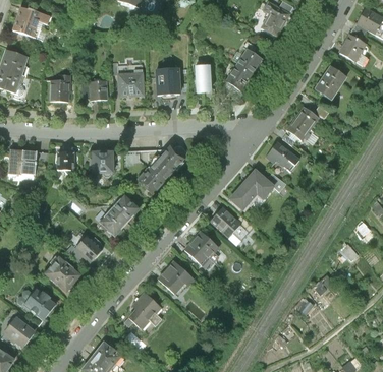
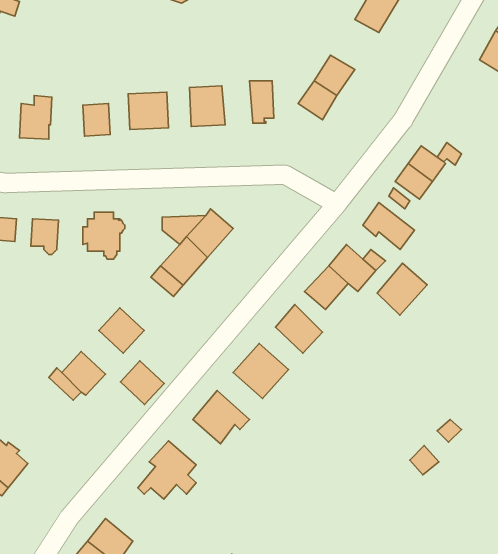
building: [314,65,346,100] -> none
building: none -> [377,263,427,315]
building: [113,195,141,223] -> [120,361,164,405]
building: [46,258,81,293] -> none

